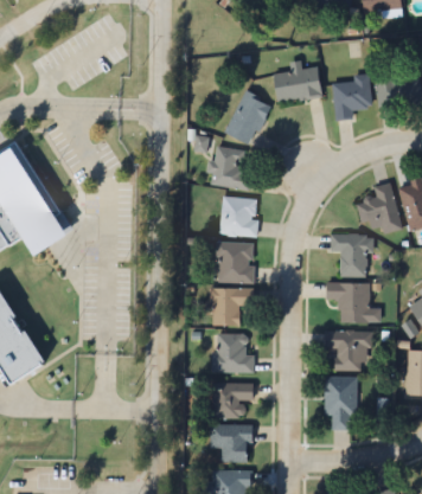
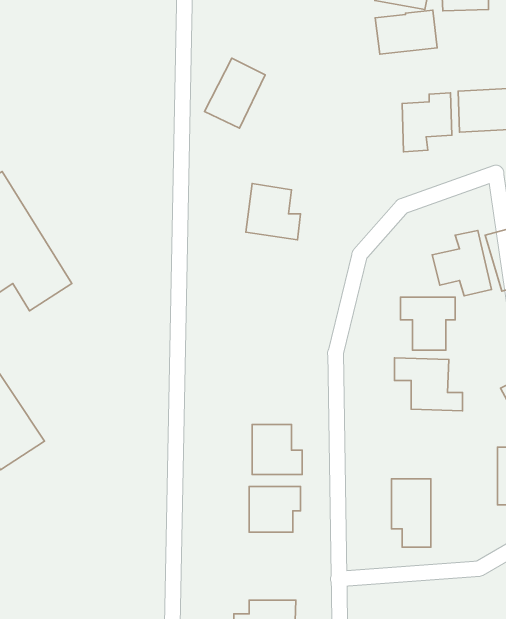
building: [273,68,321,102] -> [375,10,437,54]
building: [224,91,271,146] -> [205,58,265,128]
building: [222,197,258,236] -> none
building: [218,242,254,283] -> none
building: [210,288,254,326] -> none
building: [325,331,370,371] -> none
building: [210,425,251,463] -> none

